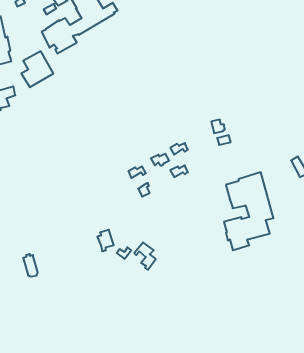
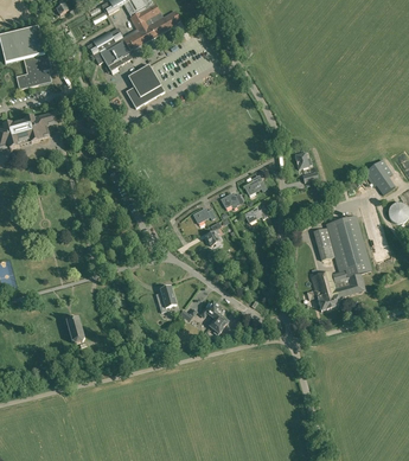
building: [21,51,53,87] -> [124,64,164,108]
building: none -> [363,159,395,194]

